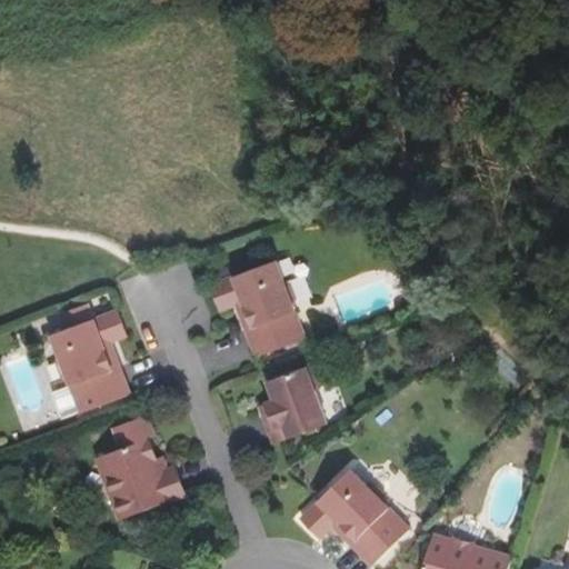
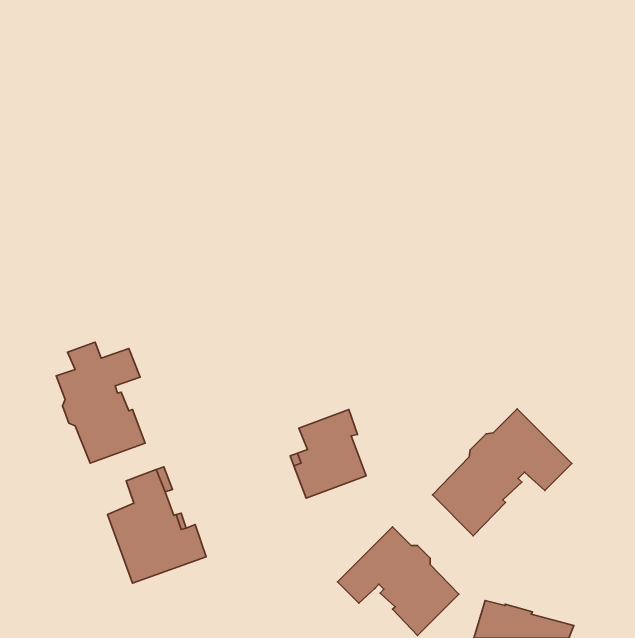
building: [210,260,305,357] -> none
building: none -> [432,409,572,536]

